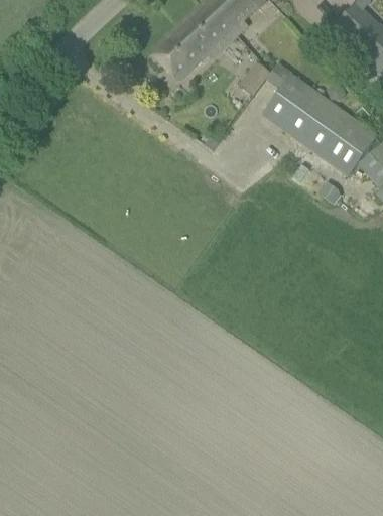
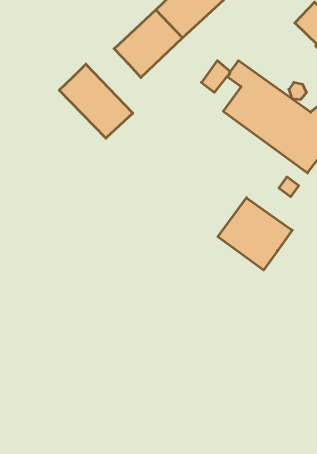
building: none -> [59,64,133,138]
building: none -> [218,198,292,270]

